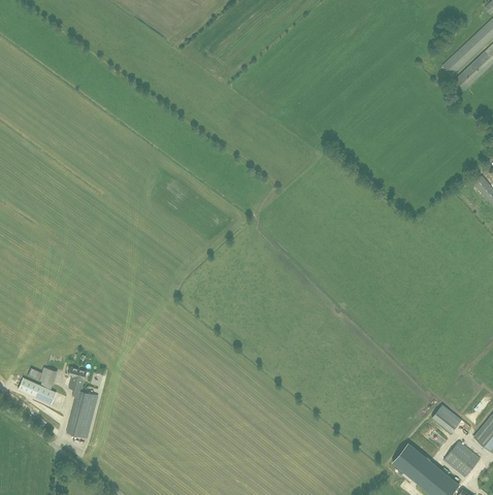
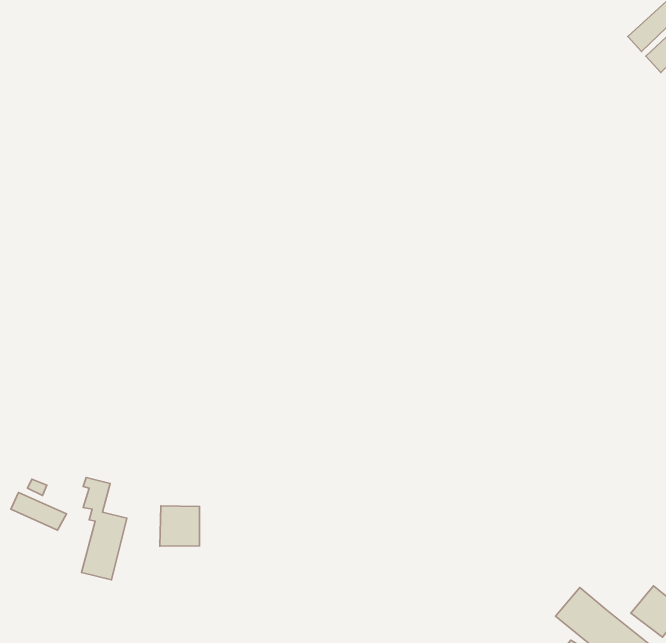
building: none -> [160,506,200,546]
building: [431,405,462,434] -> none

